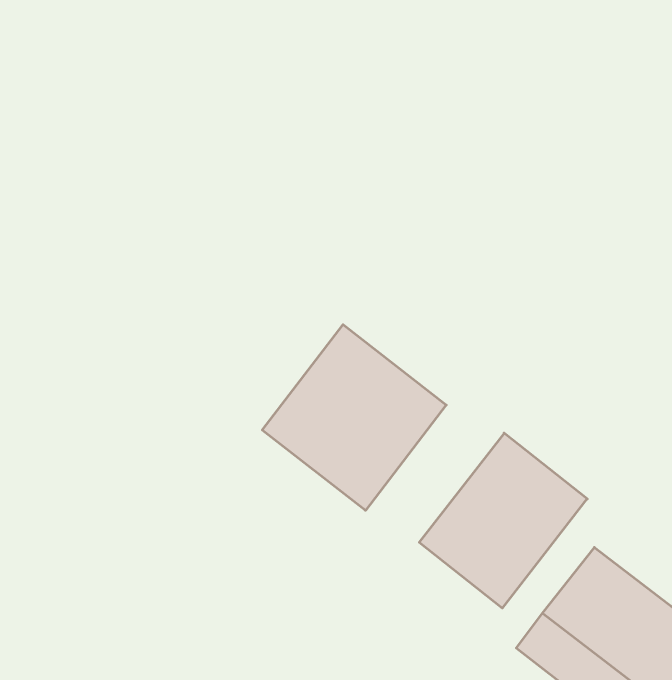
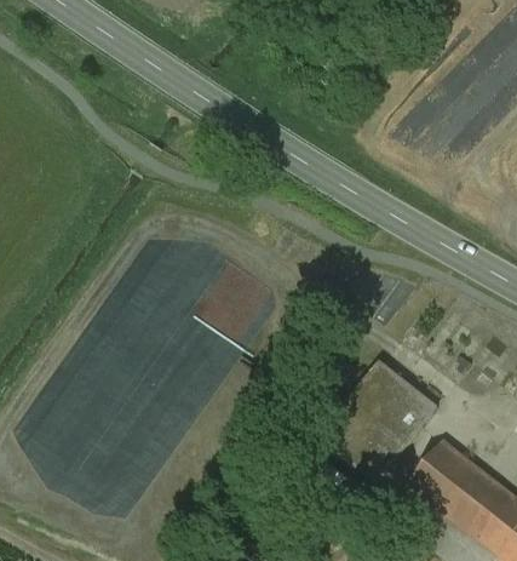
building: [262,325,446,510] -> none

